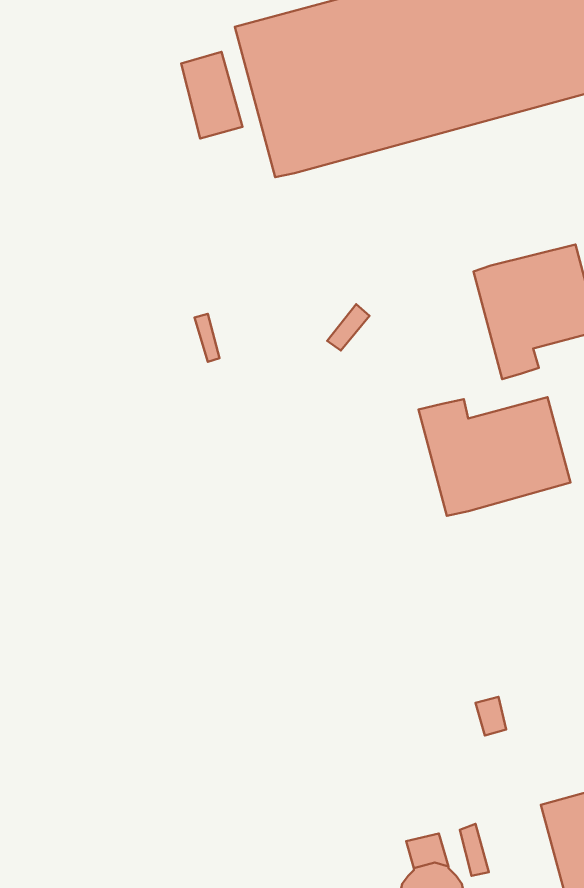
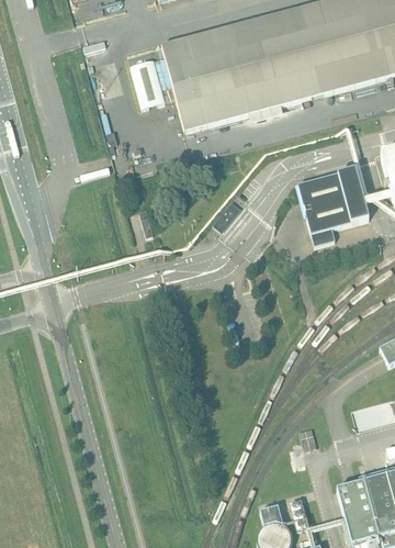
building: [418,397,571,516] -> none

